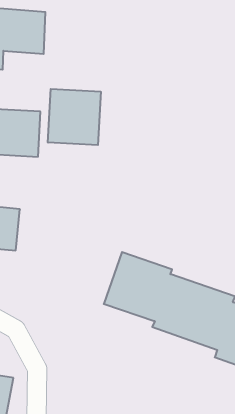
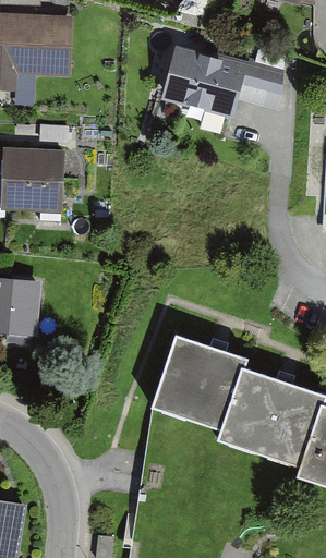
building: none -> [162,46,283,116]
building: [48,89,101,145] -> none

